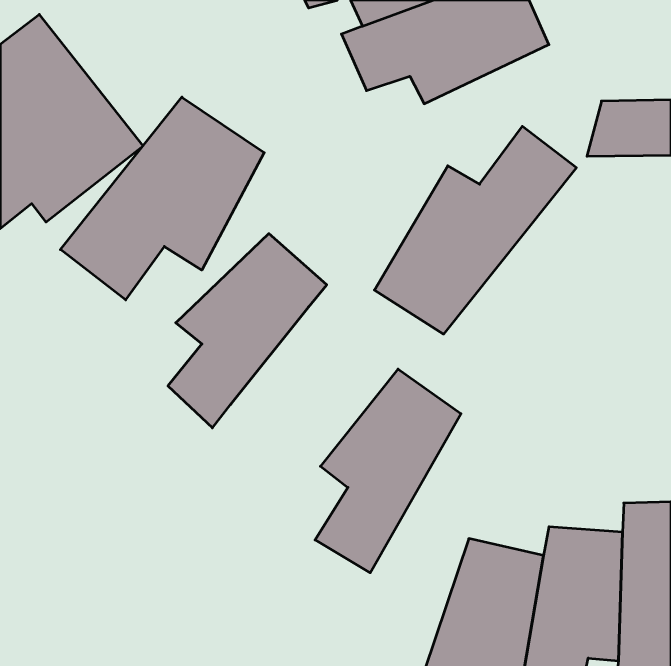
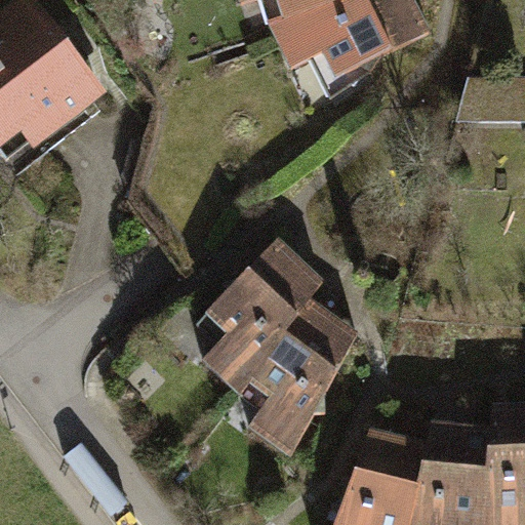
building: [60,97,264,300] -> none
building: [374,126,576,334] -> none
building: [168,234,327,428] -> [201,235,325,387]

